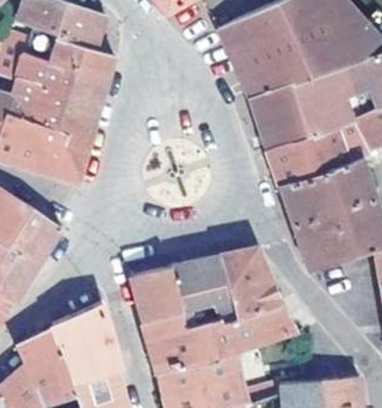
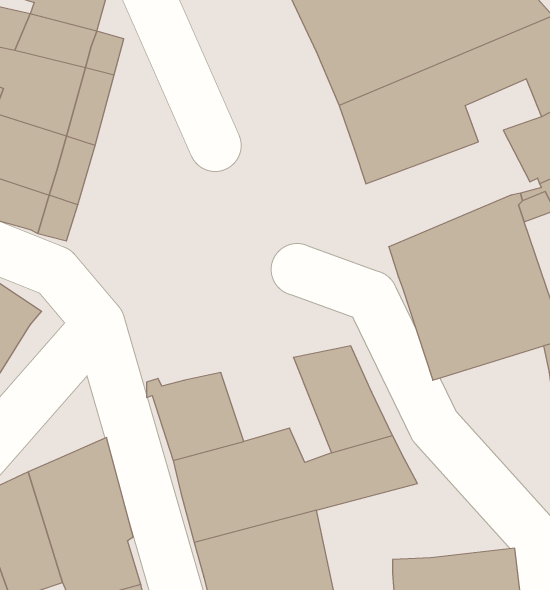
building: [265,121,356,187] -> none
building: [174,256,244,322] -> none

